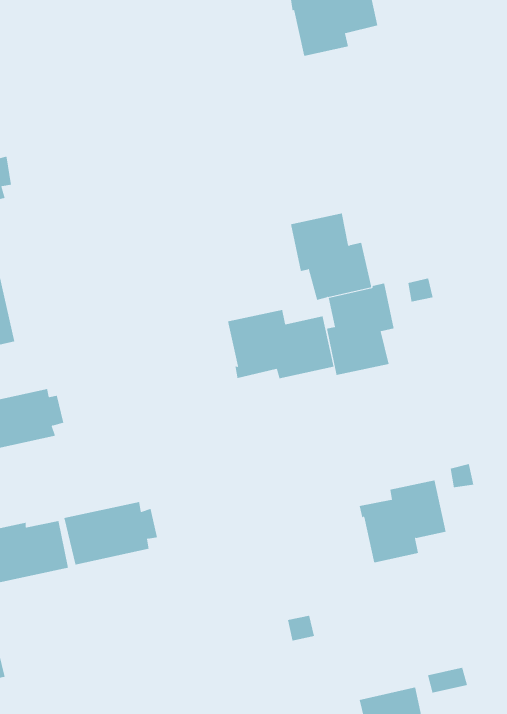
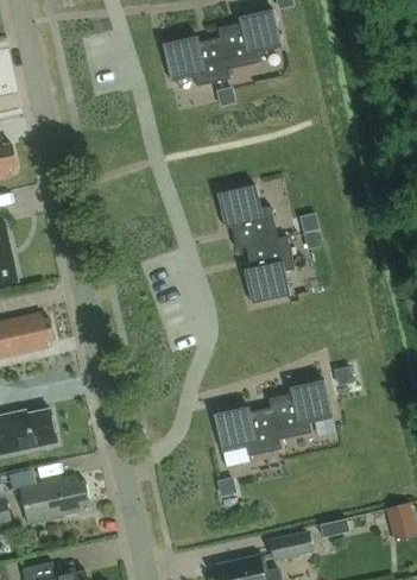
building: none -> [163,36,229,87]
building: [227,309,334,379] -> none
building: [63,502,158,565] -> [20,477,89,523]
building: none -> [214,405,280,456]

